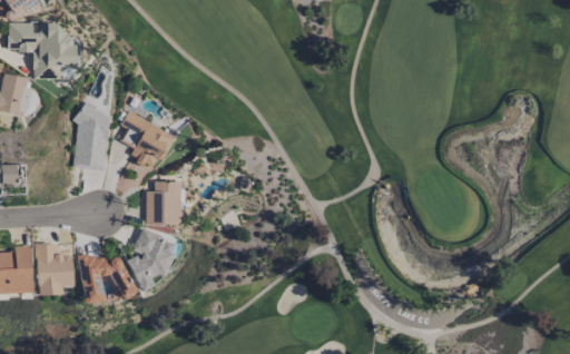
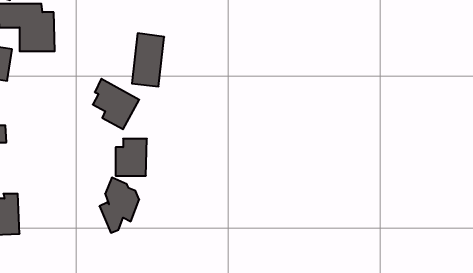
building: [72,108,110,170] -> [132,33,164,86]
building: [37,244,73,296] -> none
building: [79,255,135,304] -> none

